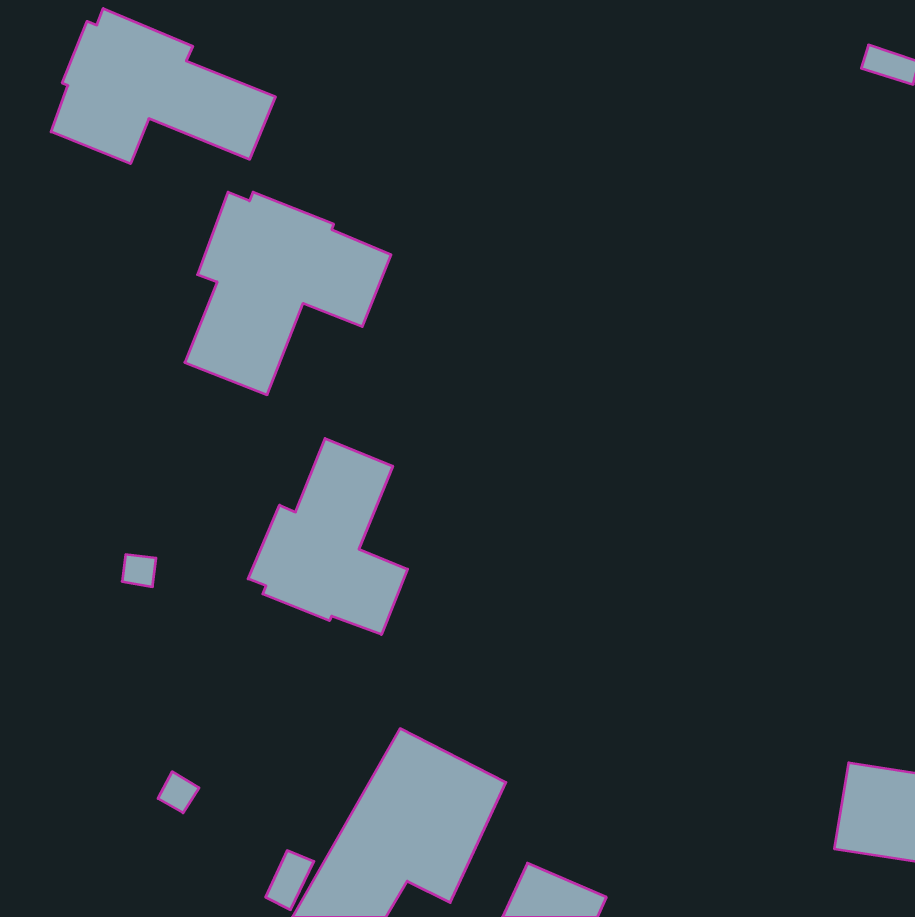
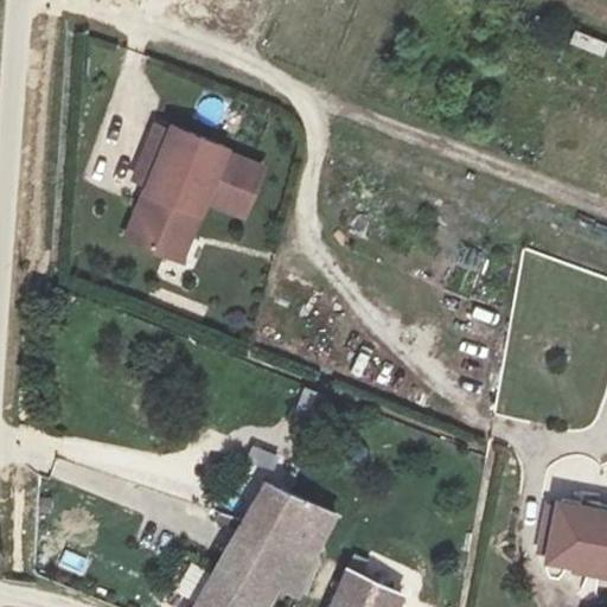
building: [51,8,275,164] -> none
building: [248,438,408,635] -> none

